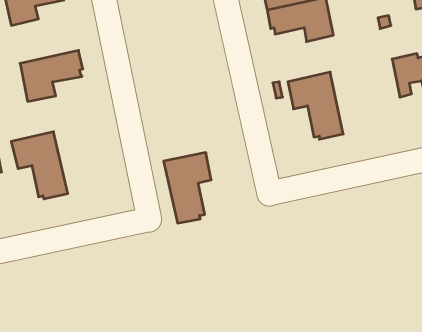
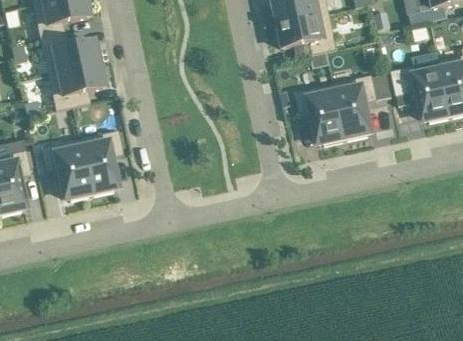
building: none -> [40,33,102,74]
building: none -> [334,74,378,139]
building: [164,153,211,223] -> [79,129,123,194]

